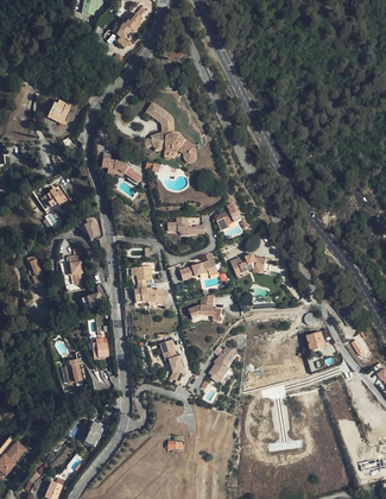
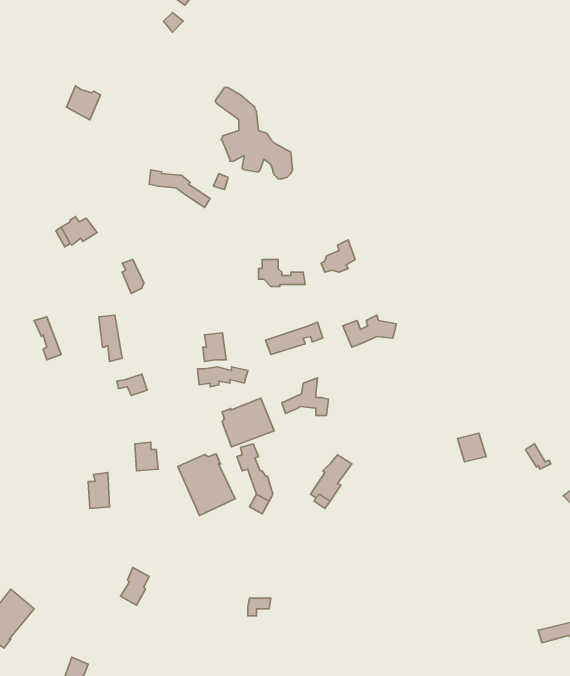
building: none -> [222,398,274,447]
building: none -> [178,454,235,516]

